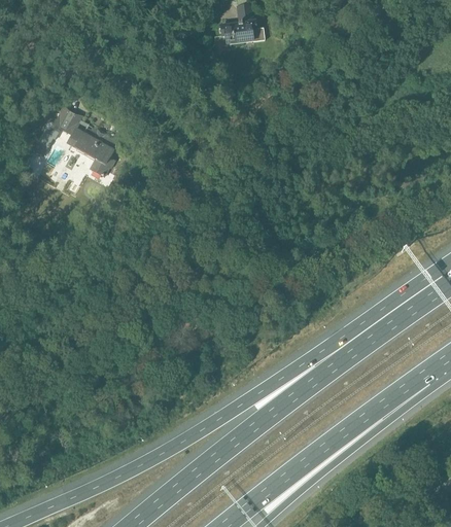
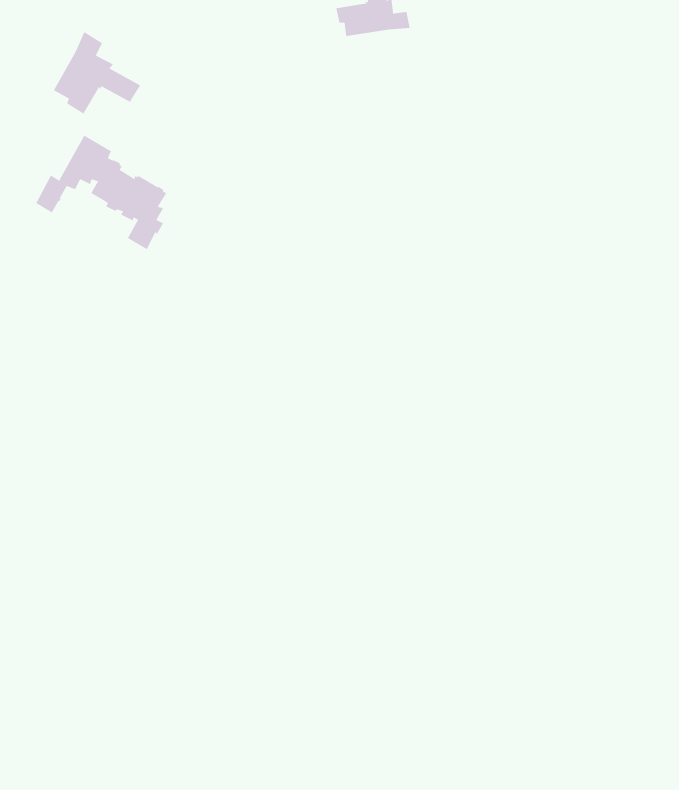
building: none -> [53,31,141,115]

